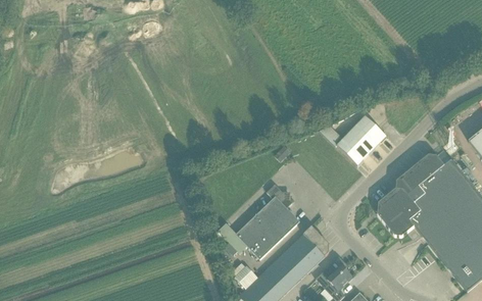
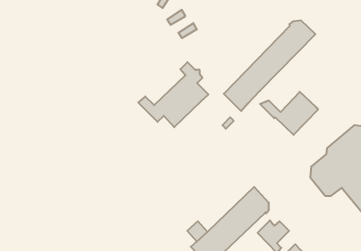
building: none -> [224,20,315,111]
building: [218,184,299,259] -> [138,62,208,127]

